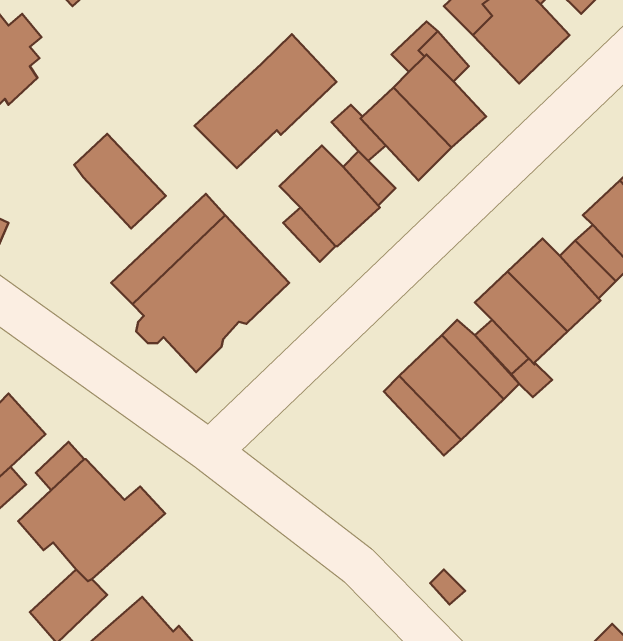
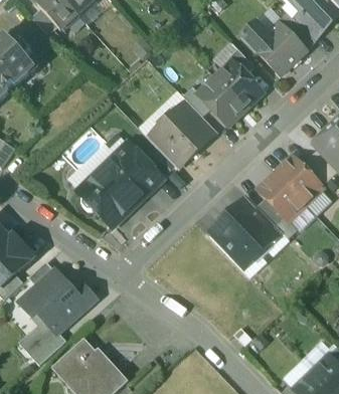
building: [194,34,336,168] -> none
building: [74,134,166,229] -> none

